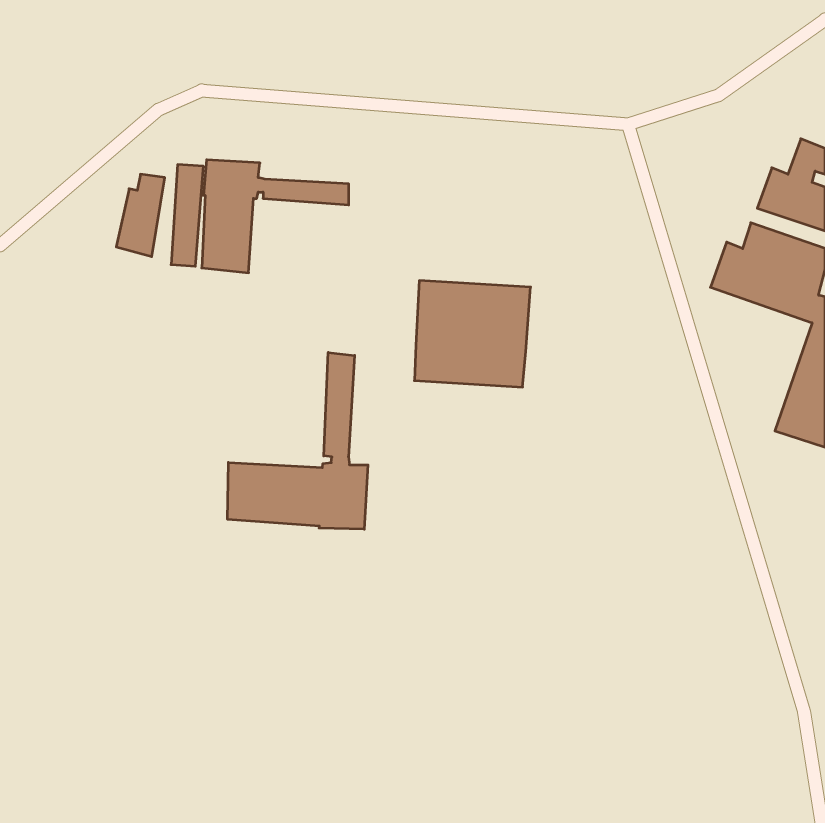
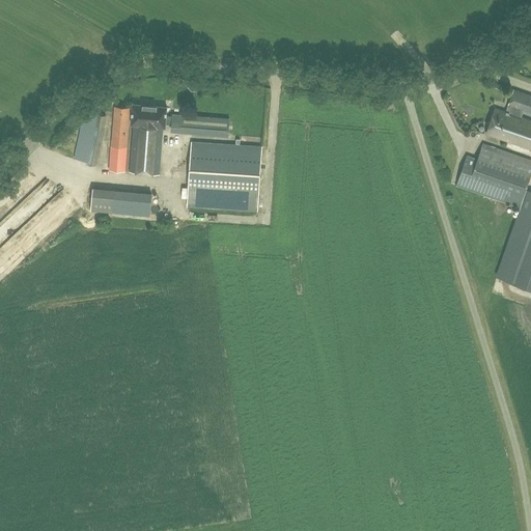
building: [414,281,531,387] -> [188,142,262,211]
building: none -> [91,188,152,216]
building: [228,352,368,529] -> none

